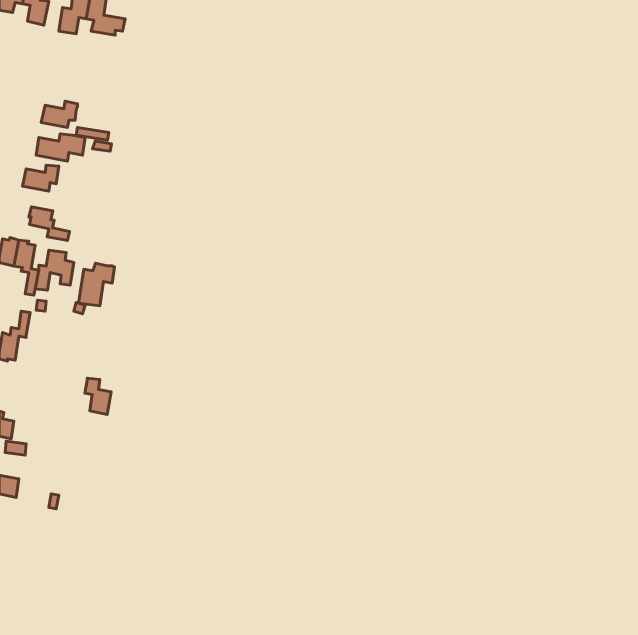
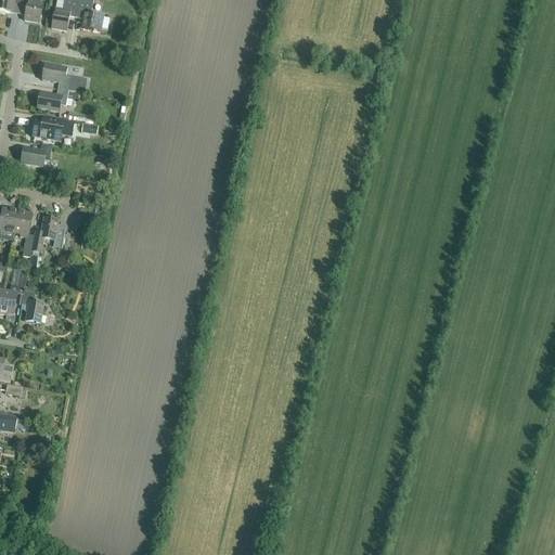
building: none -> [41,63,70,90]
building: [29,207,70,240] -> none
building: [79,263,115,306] -> none
building: [85,378,111,414] -> [21,291,43,322]

